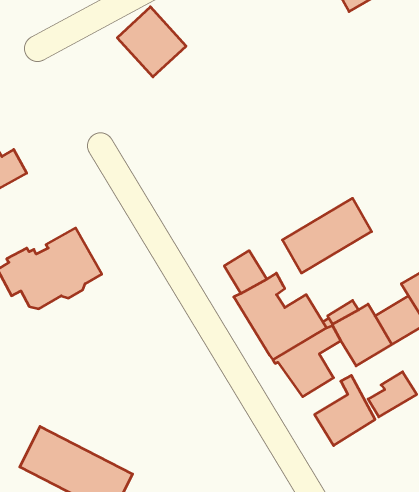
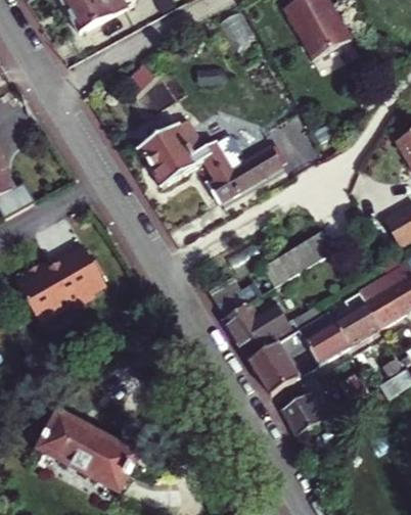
building: none -> [136,115,276,206]

